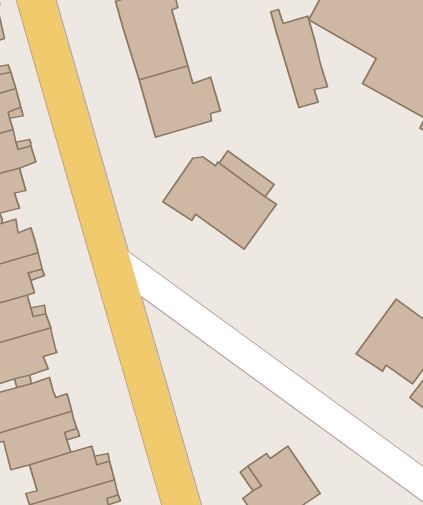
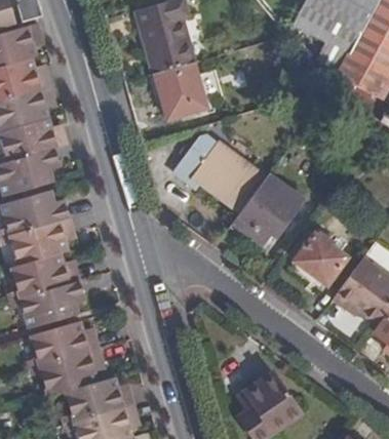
building: [271,10,327,108] -> none
building: none -> [232,175,304,245]
building: none -> [294,234,347,286]

